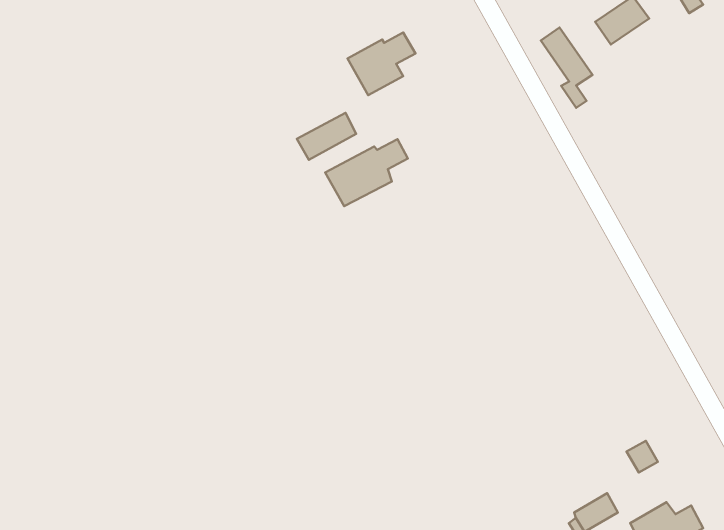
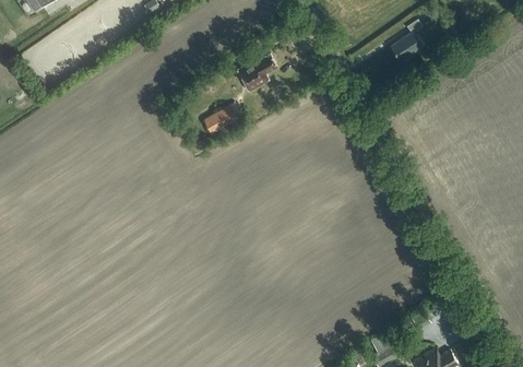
building: [541,27,593,108] -> none
building: [325,139,408,206] -> none

